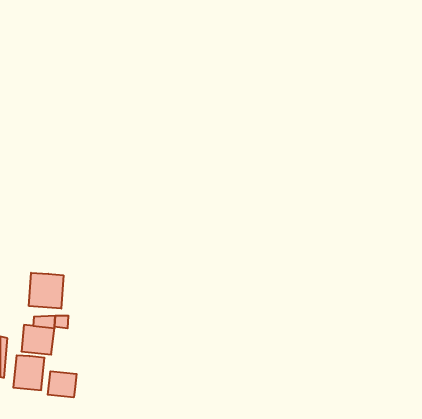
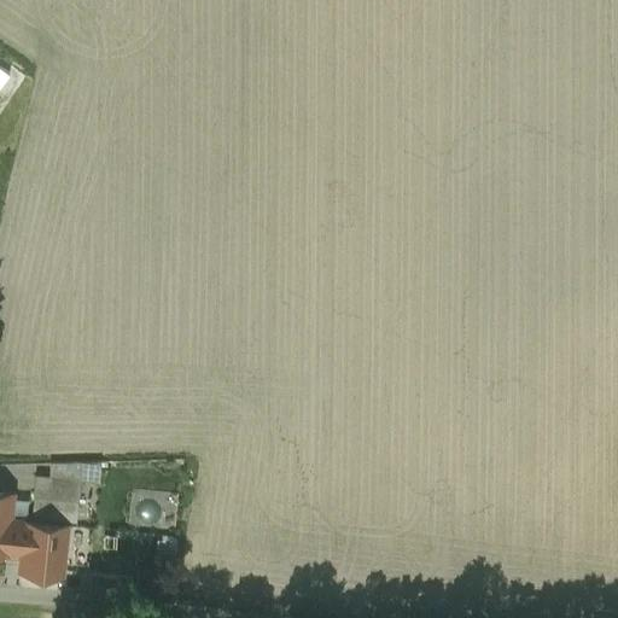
building: [29,273,63,309] -> none
building: [48,371,77,397] -> none

